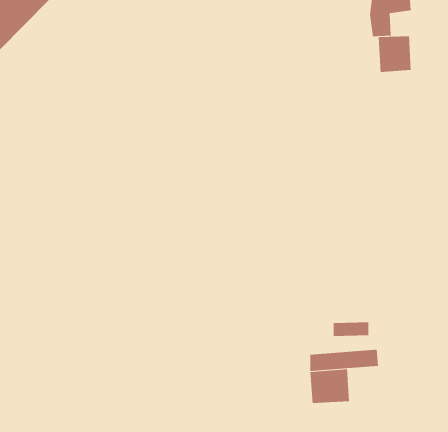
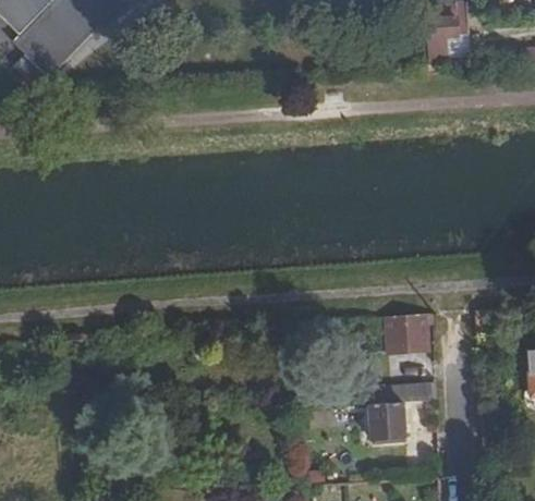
building: [378,36,411,73] -> none
building: none -> [386,315,433,352]

